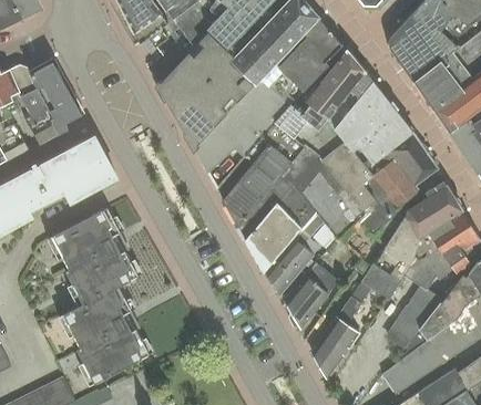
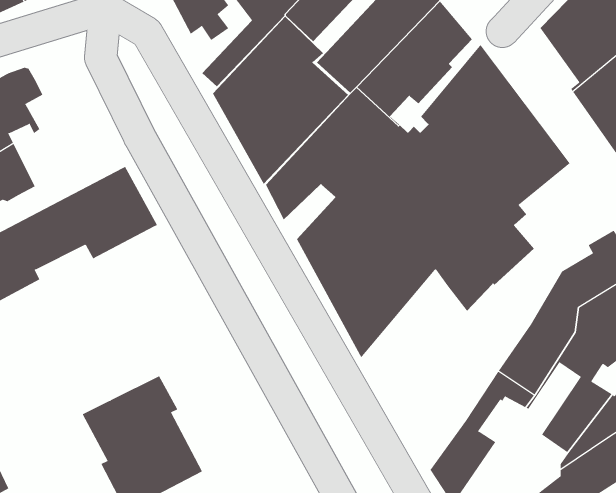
building: [23,62,82,145] -> none
building: [358,134,438,236] -> none
building: [52,206,139,303] -> none
building: [263,210,325,295] -> none
building: [285,263,338,329] -> none

